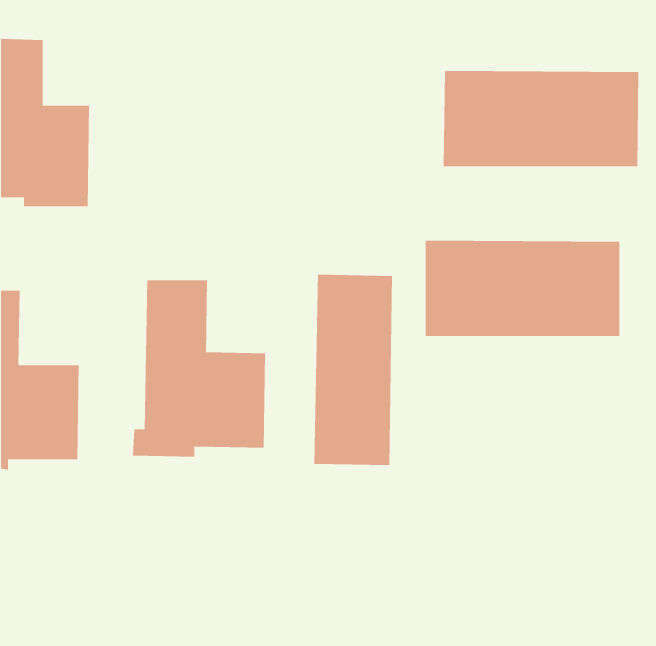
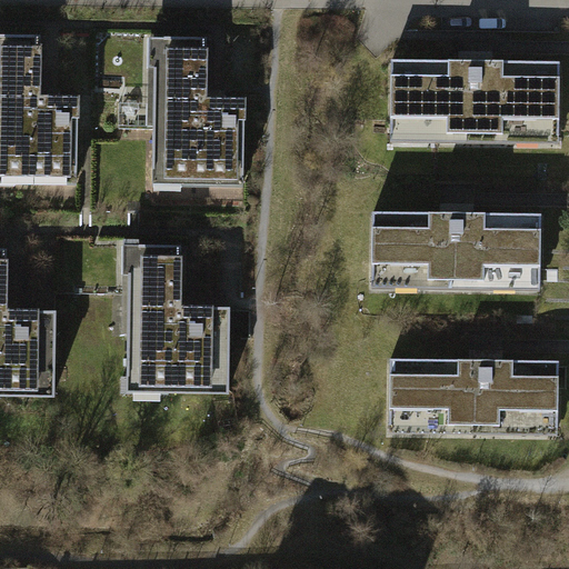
building: none -> [144,37,244,182]
building: [314,274,393,466] -> none
building: none -> [391,356,560,430]

